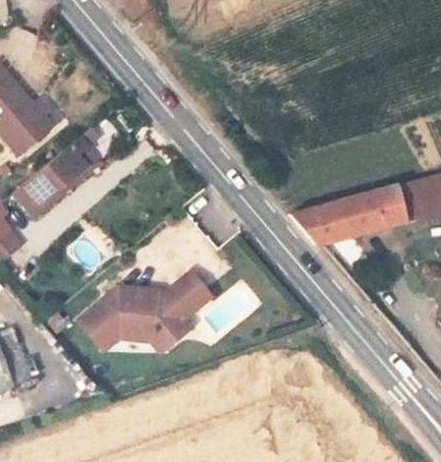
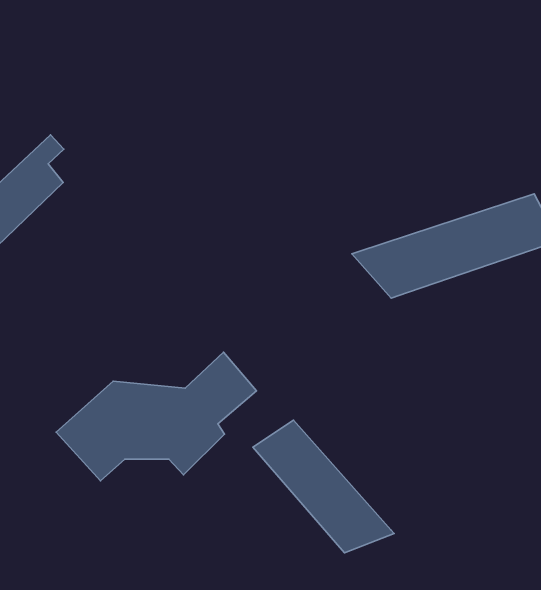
building: none -> [253,420,394,553]

